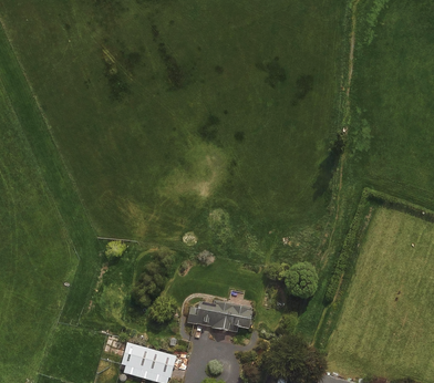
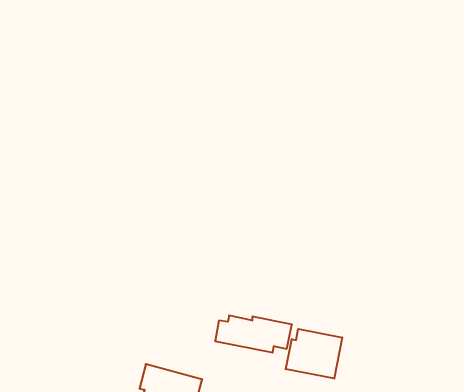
building: none -> [286,329,342,379]

